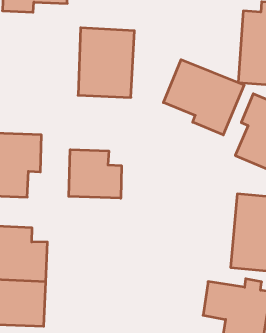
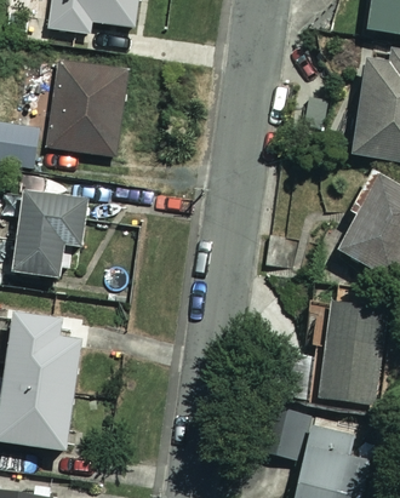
building: [78,28,134,97] -> [45,59,127,158]
building: [163,60,244,135] -> none
building: [69,150,121,198] -> none

